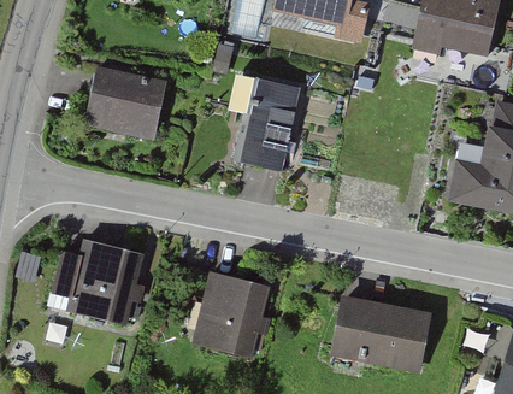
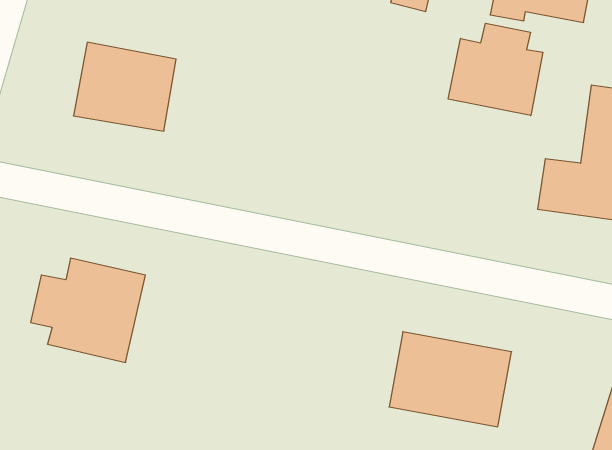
building: none -> [448,23,543,116]
building: [234,80,301,174] -> none
building: [193,271,272,357] -> none

